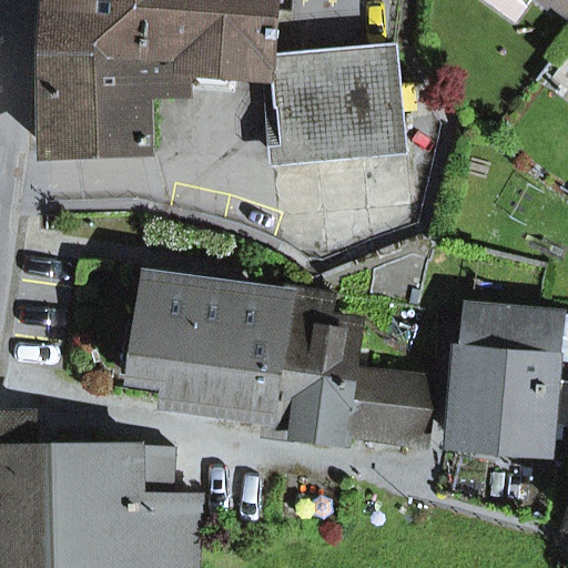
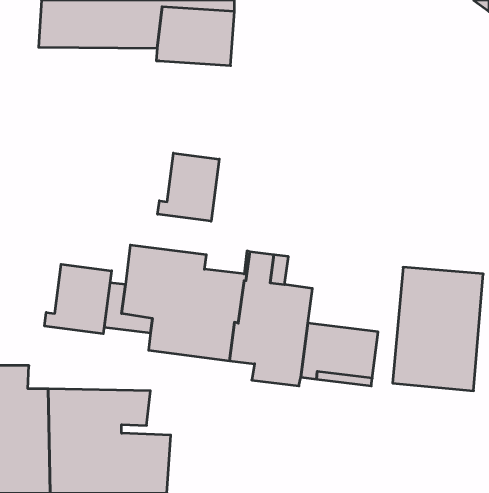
building: [271,47,404,165] -> none
building: [45,54,183,153] -> none
building: none -> [158,153,219,221]
building: none -> [45,264,112,334]

